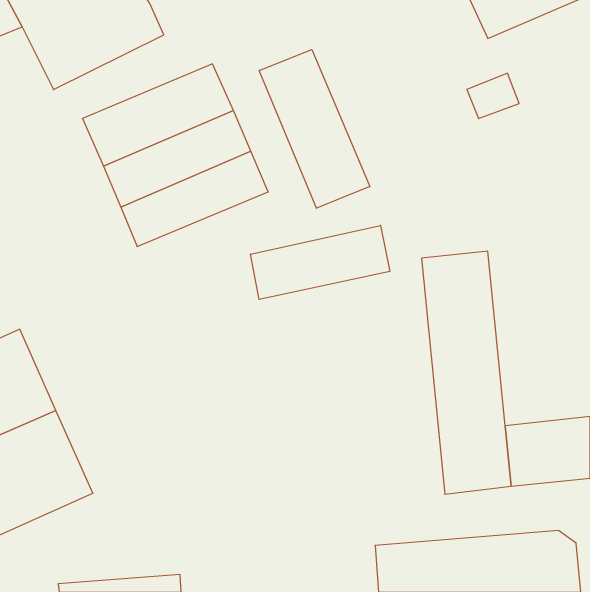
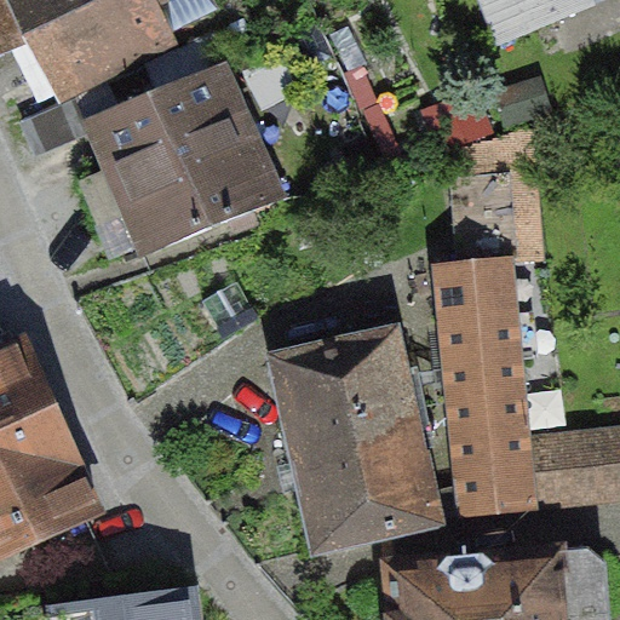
building: [259,50,370,208] -> none
building: [250,225,390,299] -> none
building: none -> [276,331,437,550]

